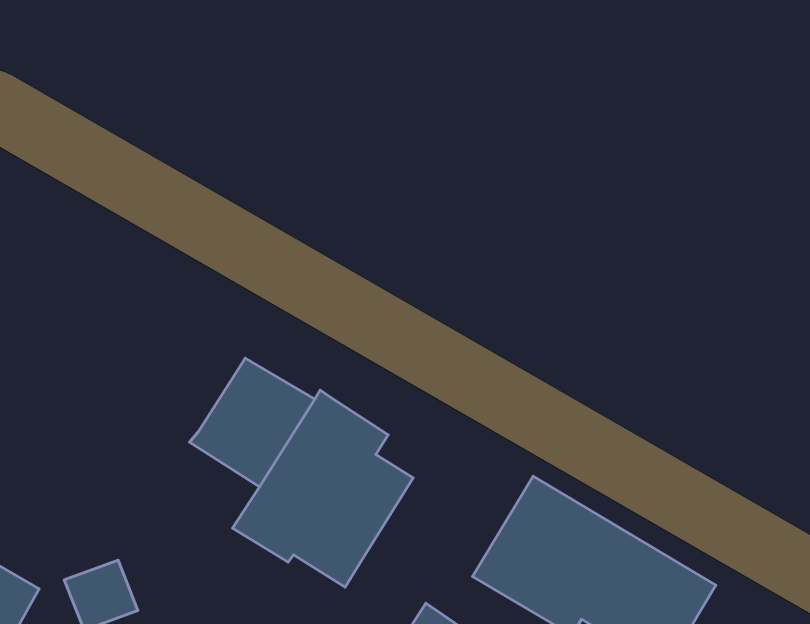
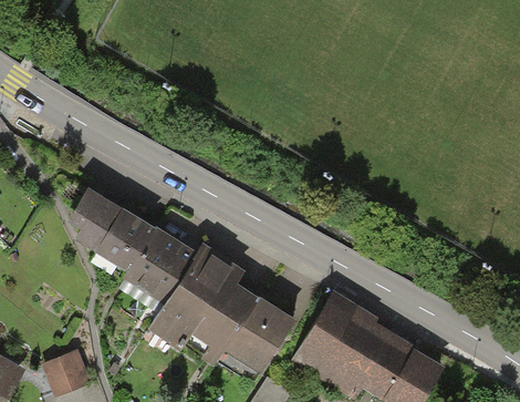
building: none -> [69,190,153,271]
building: none -> [225,300,294,375]

